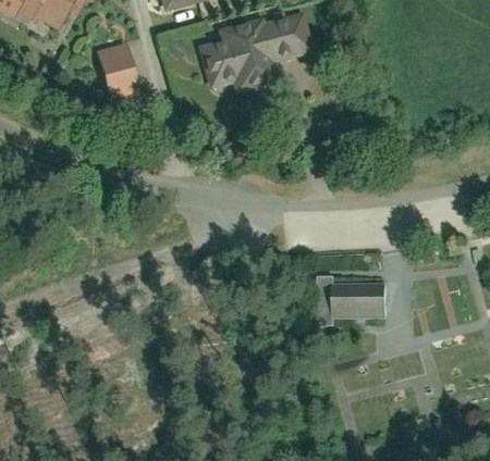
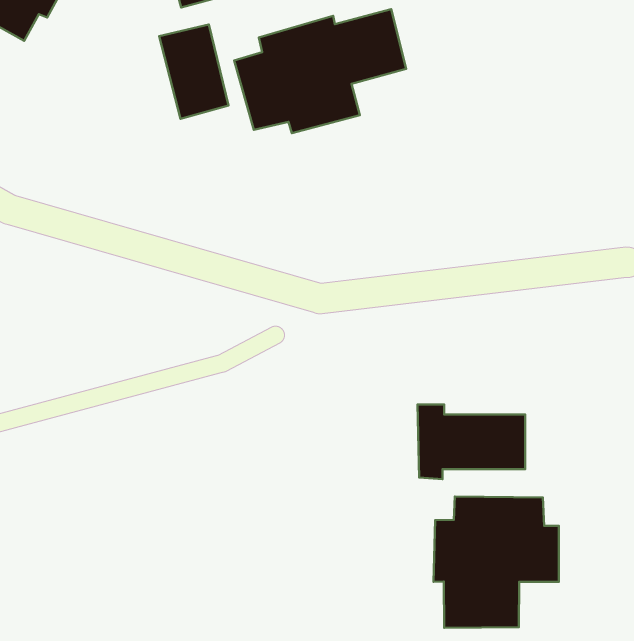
building: [95,42,140,104] -> [159,25,229,119]
building: none -> [434,496,559,628]

